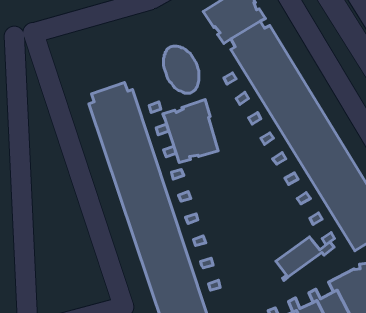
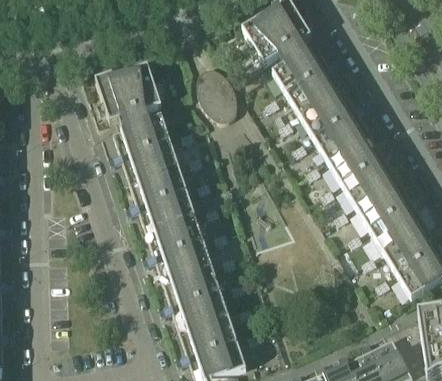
building: none -> [98,67,164,126]
building: [163,100,218,163] -> none
building: [276,237,334,280] -> none

